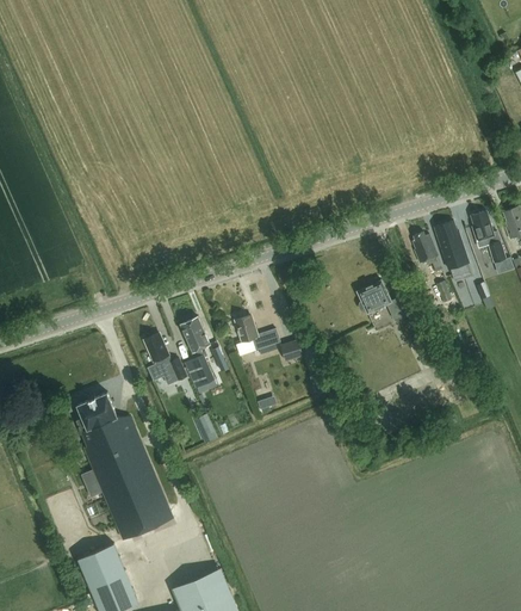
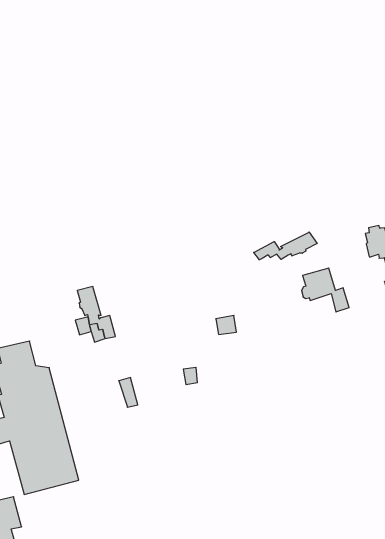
building: none -> [254,232,317,260]
building: [236,315,269,353] -> none
building: [182,316,216,387] -> none

